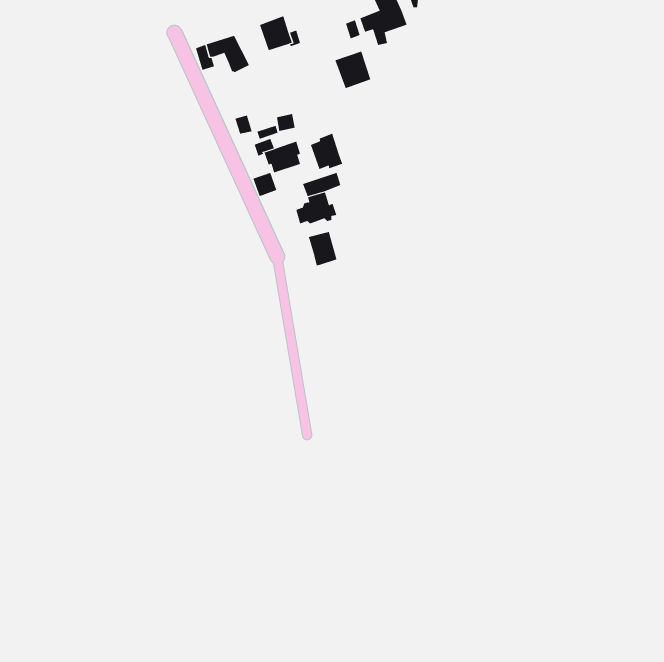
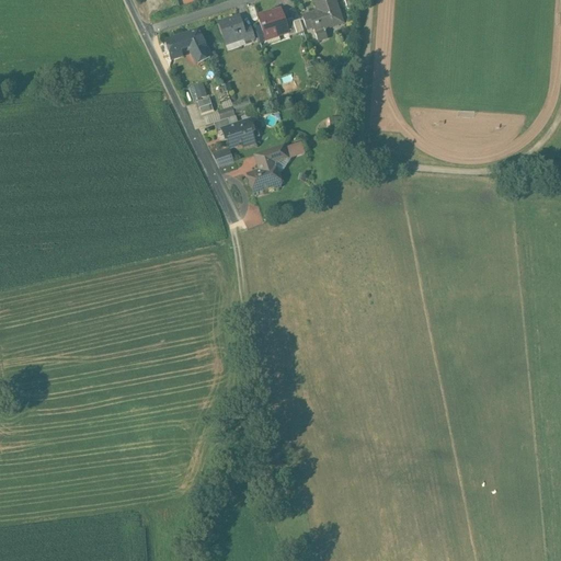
building: [335,51,371,89] -> [256,8,287,39]
building: [310,133,343,170] -> none
building: [308,231,337,266] -> none

